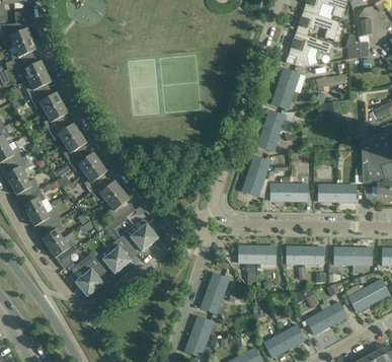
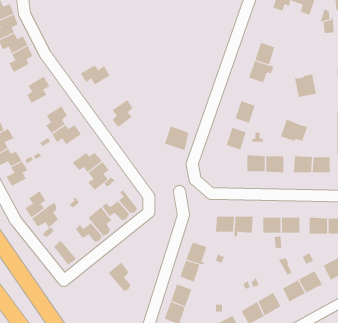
building: [288,31,332,67] -> none
building: [30,89,62,112] -> none
building: [263,108,292,132] -> [280,119,308,142]
building: [49,121,80,142] -> [80,64,110,85]
building: [84,161,106,191] -> [112,99,134,128]
building: [242,172,267,198] -> [164,126,189,151]
building: [28,207,61,226] -> none
building: [79,259,103,289] -> [108,262,132,292]

